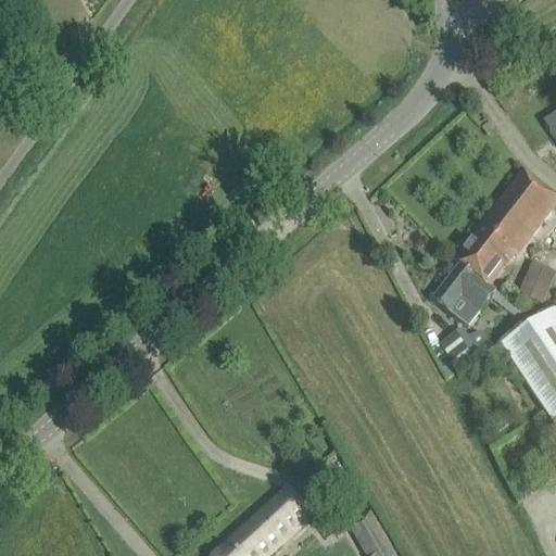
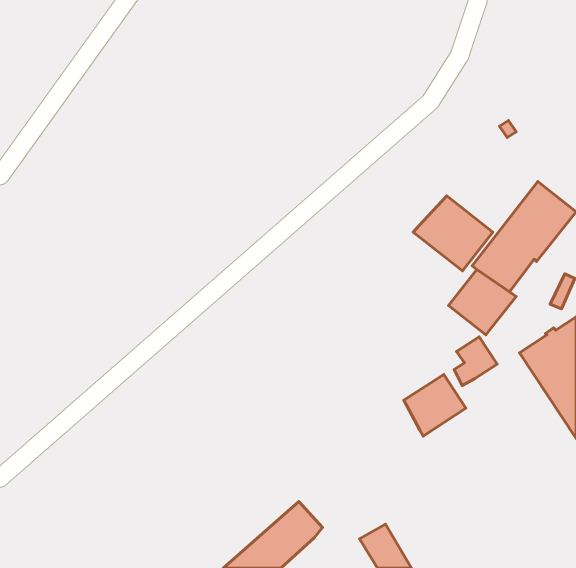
building: none -> [413,196,493,271]
building: none -> [404,374,466,436]

